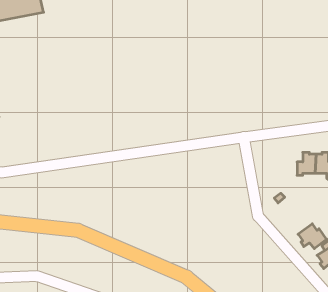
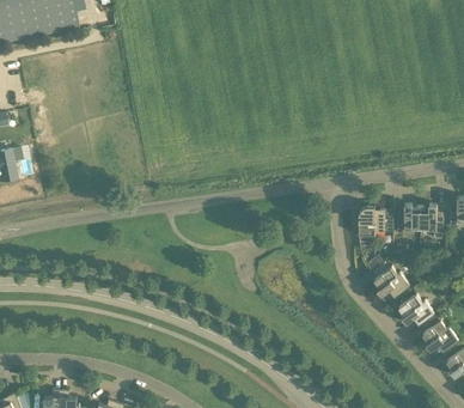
building: none -> [358,207,392,246]
building: none -> [371,263,408,297]

